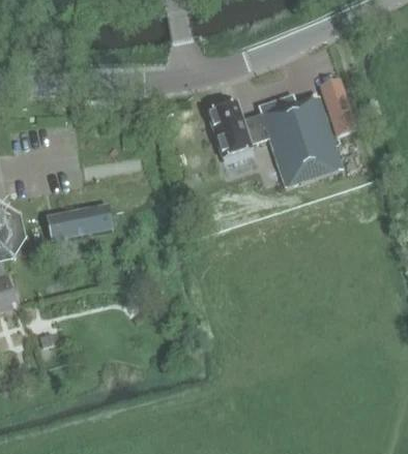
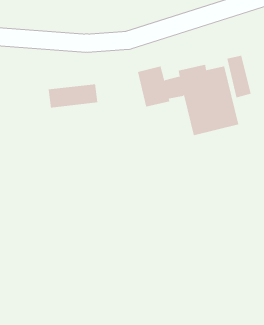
building: [46,204,112,240] -> [48,84,98,108]

